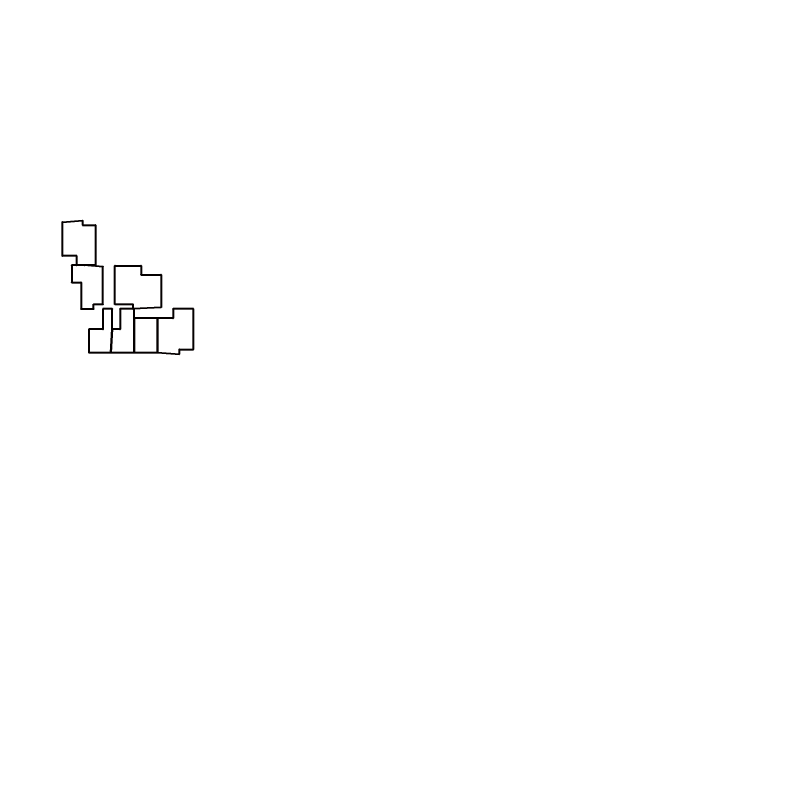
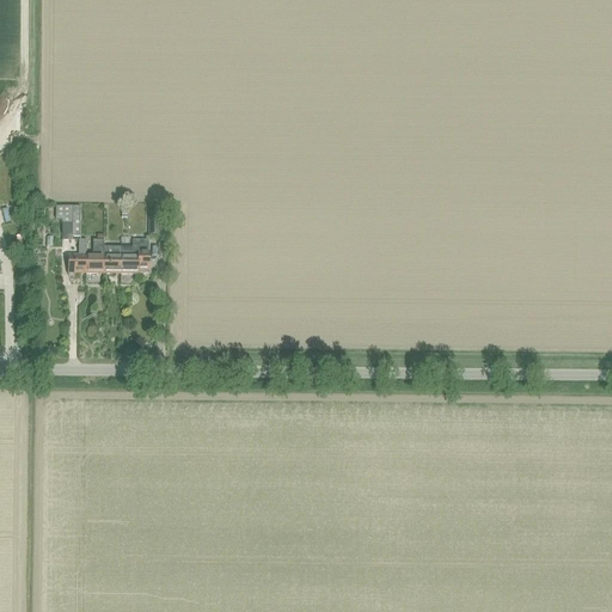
building: [62,221,95,265] -> none
building: [115,266,161,309] -> none

